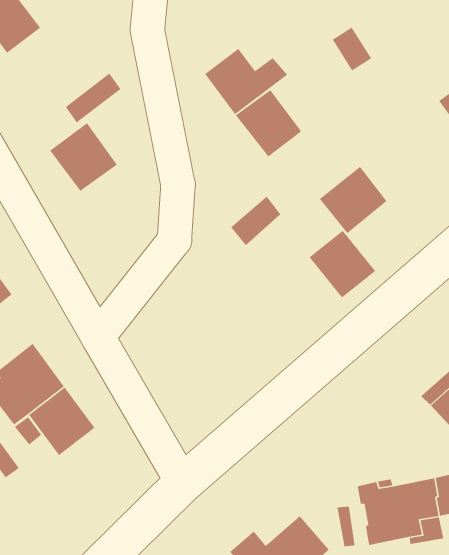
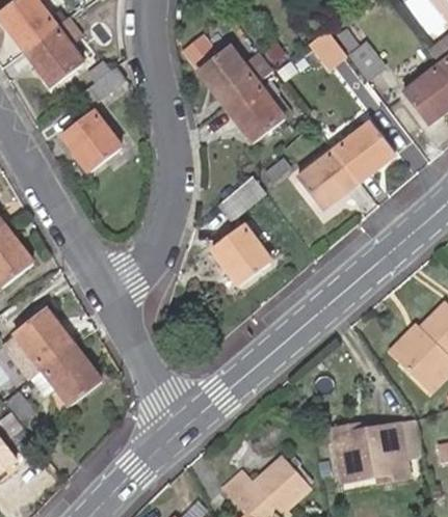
building: none -> [24,27,81,86]
building: none -> [346,42,387,82]
building: none -> [335,120,395,180]
building: [309,230,376,298] -> [212,223,271,283]

